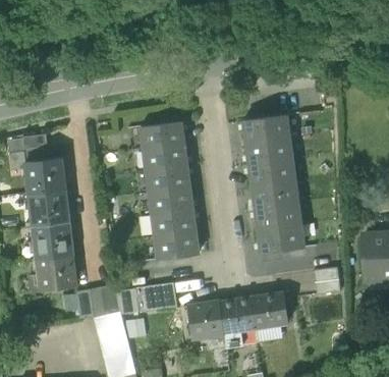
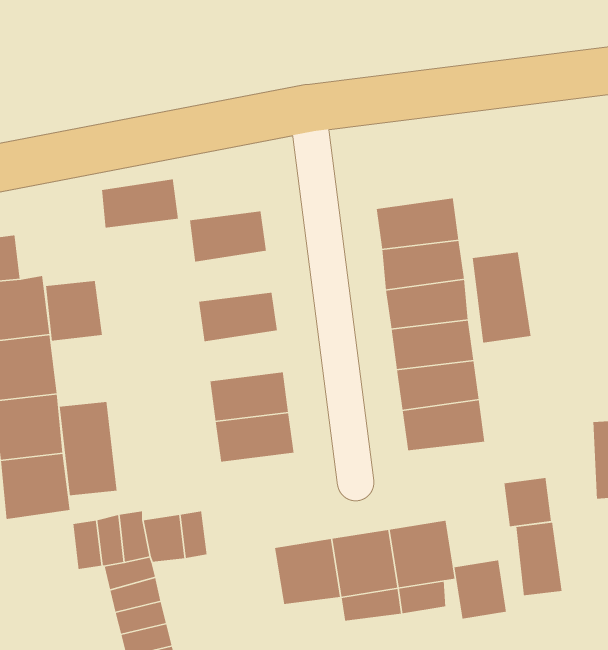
building: [144,144,186,171] -> [101,179,179,229]
building: none -> [472,251,531,343]
building: none -> [45,280,103,341]
building: [149,187,192,215] -> none
building: none -> [59,401,117,496]
building: [148,283,175,311] -> none
building: none -> [515,522,562,596]
building: none -> [454,560,507,619]

